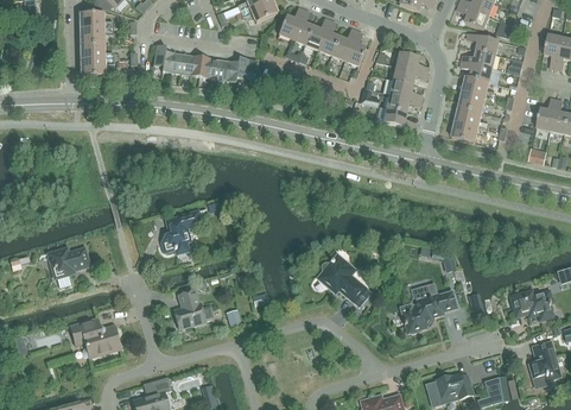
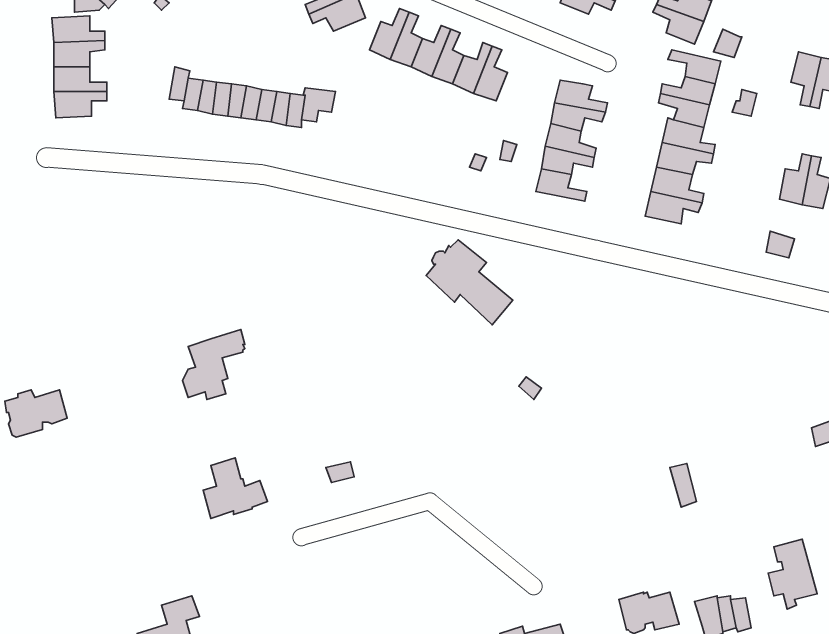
building: [317,253,372,307] -> [426,240,513,325]
building: [399,284,457,332] -> none
building: [510,288,553,318] -> none
building: [70,316,121,357] -> none

